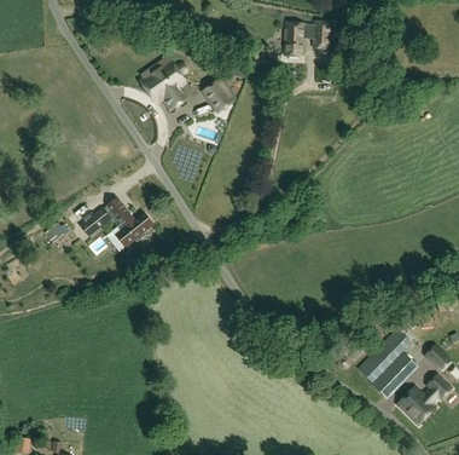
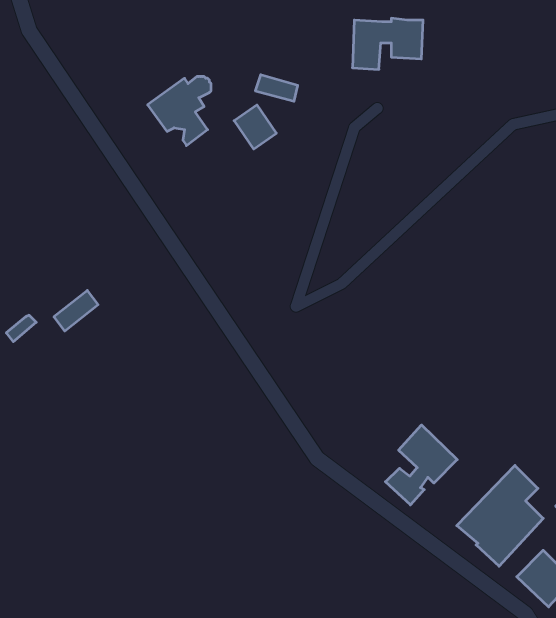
building: [106,198,152,247] -> none
building: none -> [385,425,457,505]

